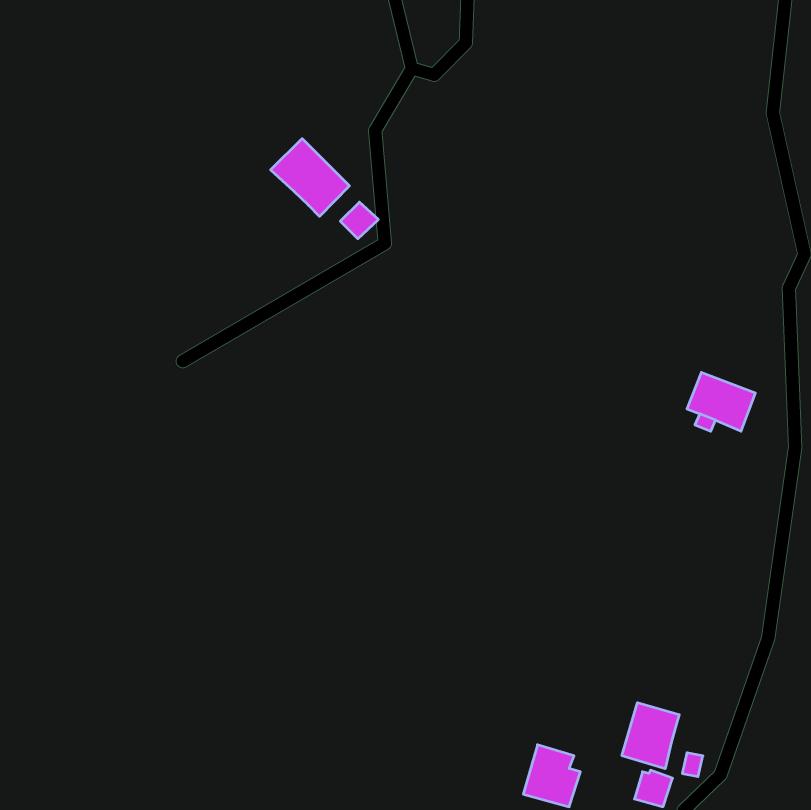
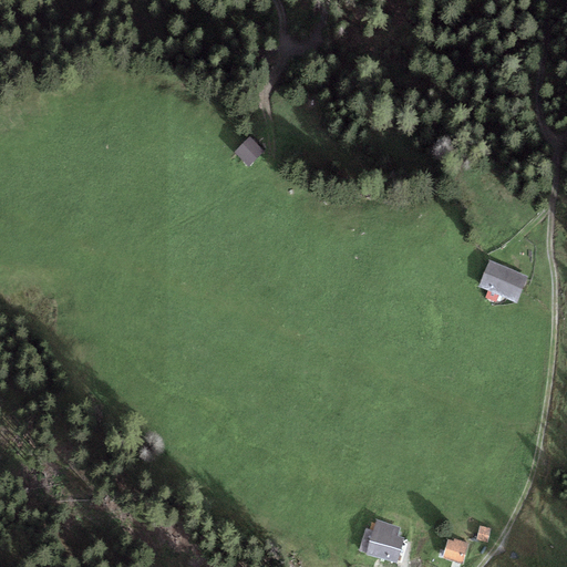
building: [271,139,349,216] -> none
building: [622,703,679,769] -> none

